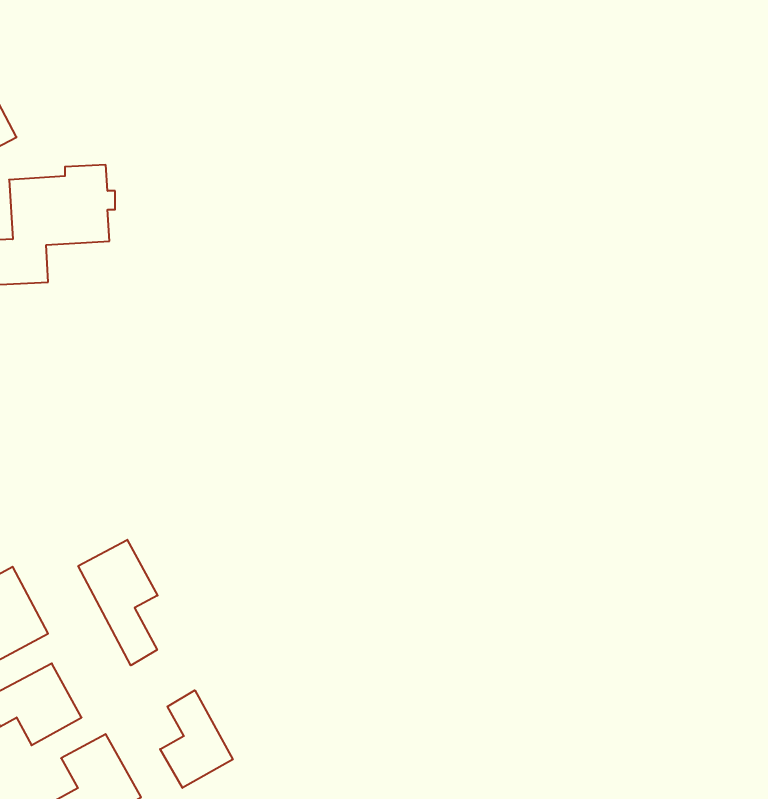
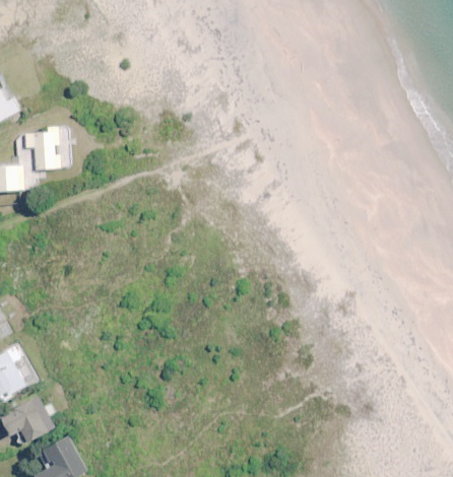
building: [78,540,158,665] -> none
building: [160,690,233,788] -> none

